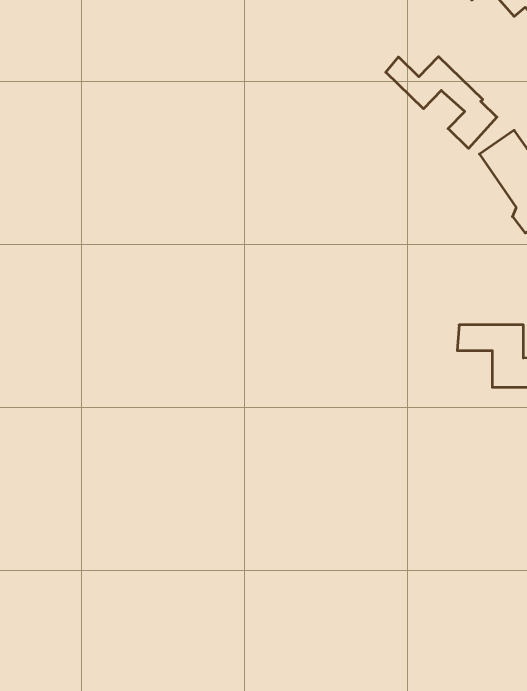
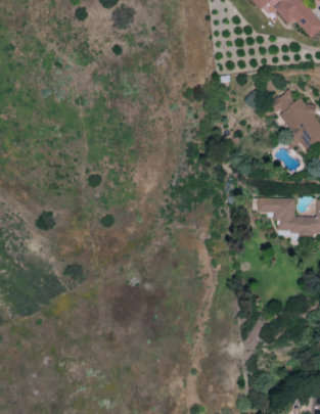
building: [386,57,497,148] -> none

